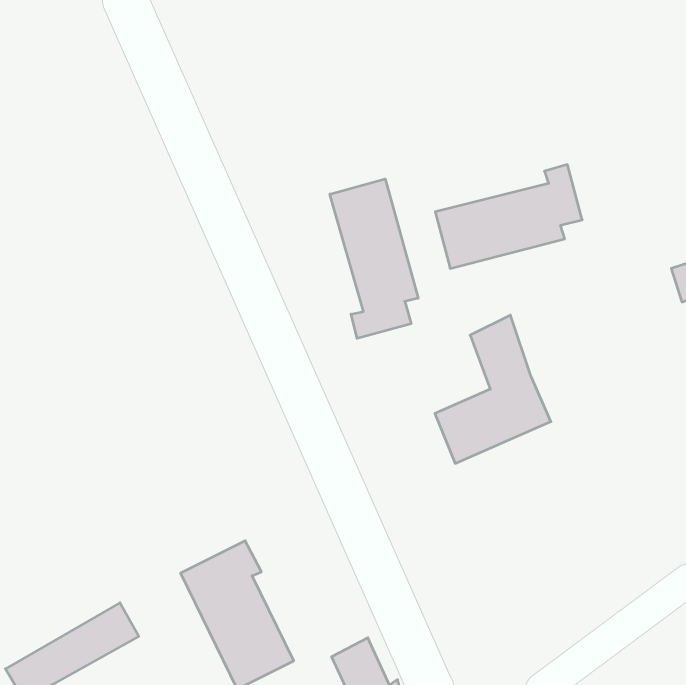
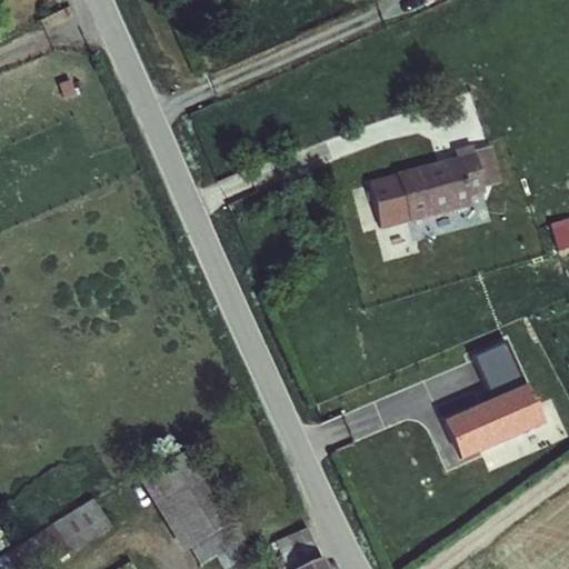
building: [330,179,418,338] -> none
building: [435,315,551,463] -> [447,345,542,467]

